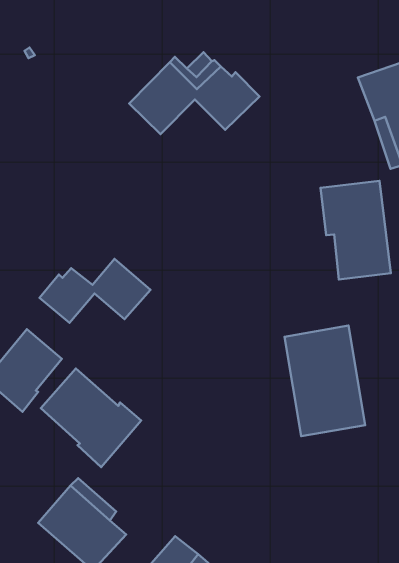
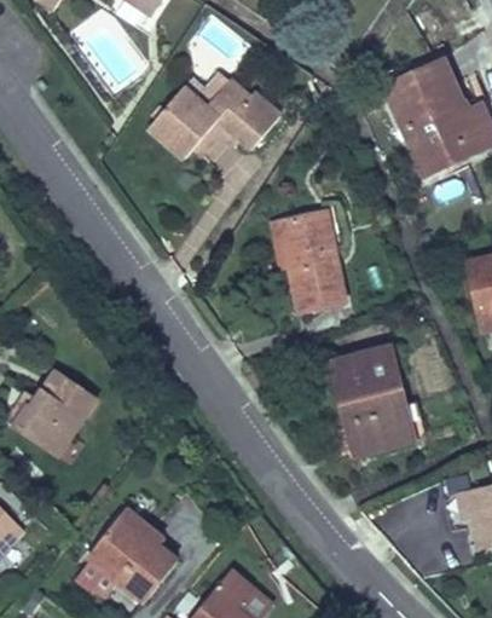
building: [320,181,391,279] -> [267,208,347,313]
building: [39,259,150,323] -> none
building: [41,368,141,467] -> none

